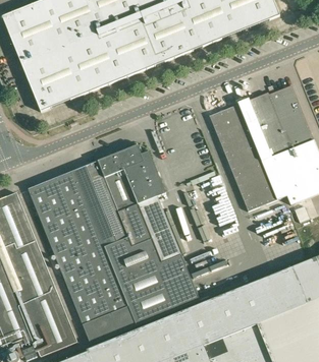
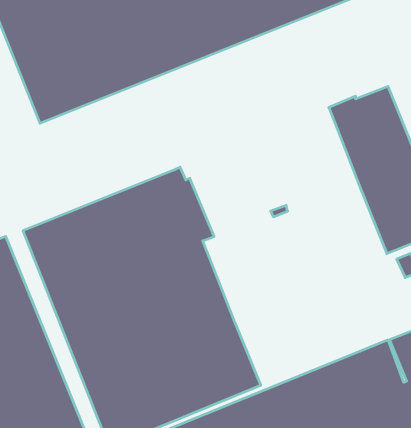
building: [210,104,277,210] -> none

